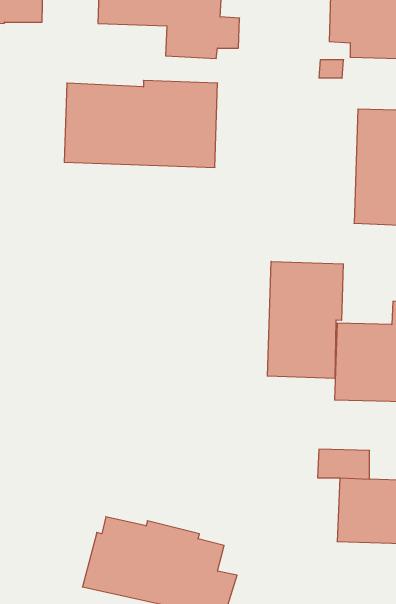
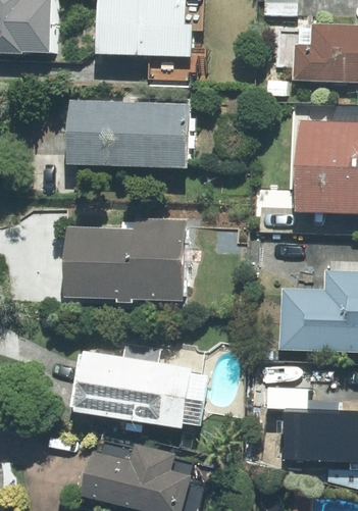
building: none -> [65,219,184,302]
building: [267,261,343,378] -> none
building: none -> [70,343,209,430]

